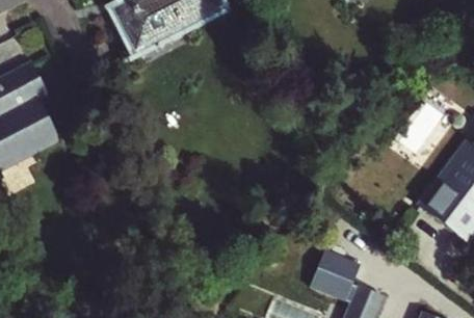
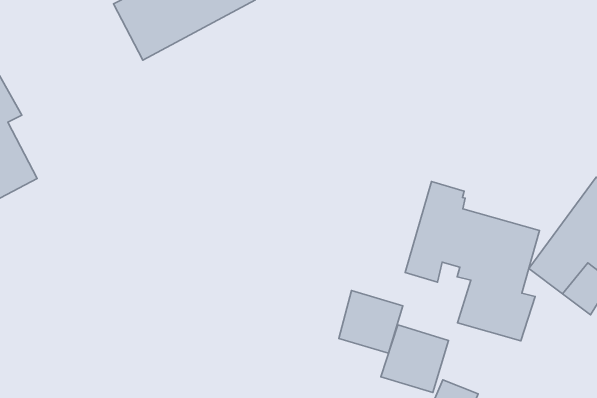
building: none -> [405,182,540,341]
building: none -> [339,291,403,353]

